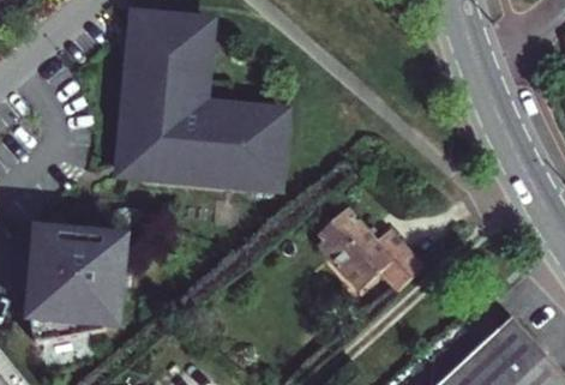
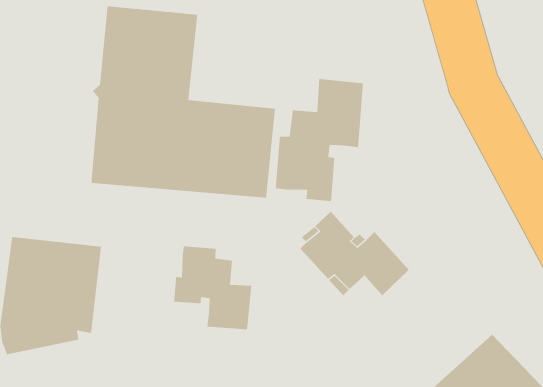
building: none -> [275,78,364,202]
building: none -> [173,245,252,330]

